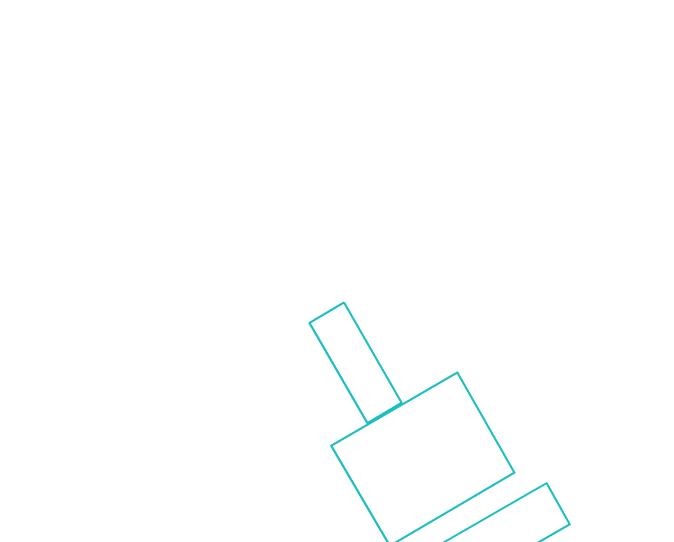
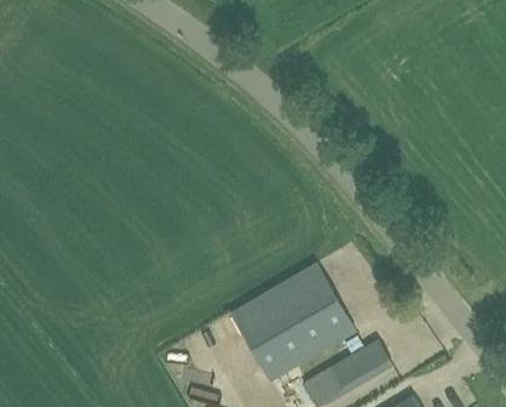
building: [310,303,402,423] -> none

